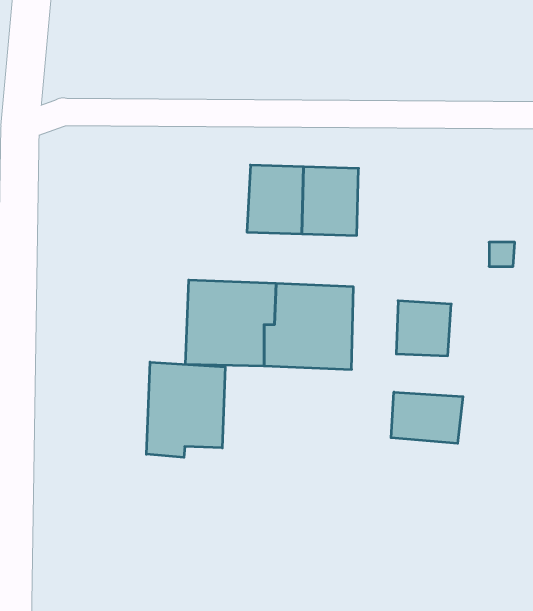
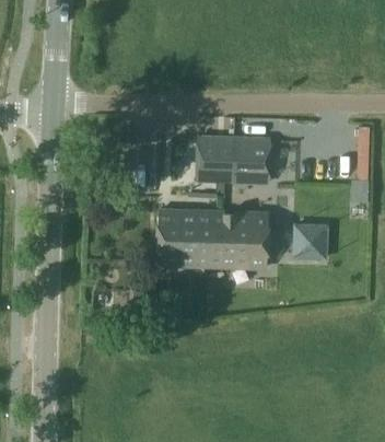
building: [146,362,225,457] -> none
building: [391,392,463,443] -> none

